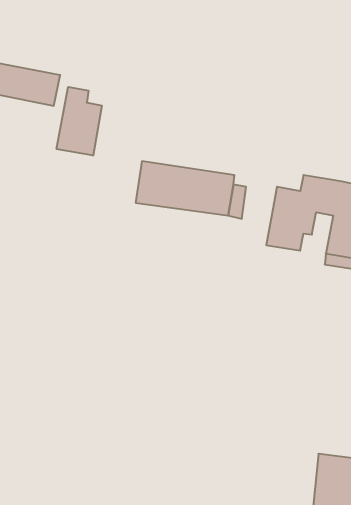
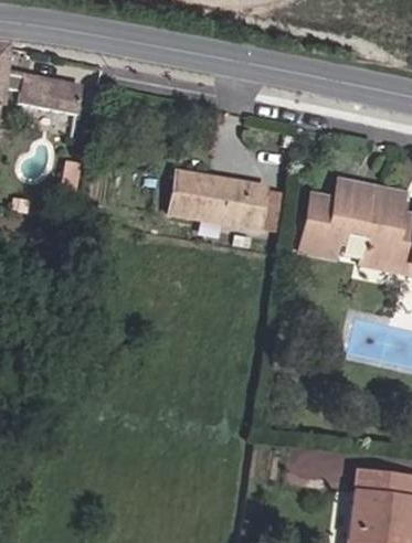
building: [57,87,102,156] -> none

